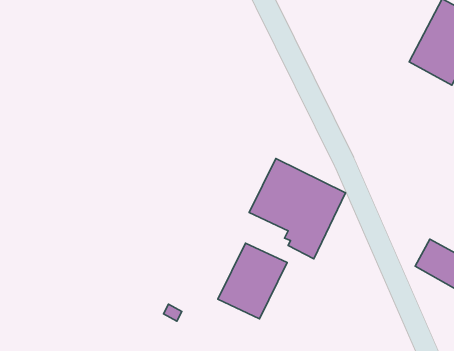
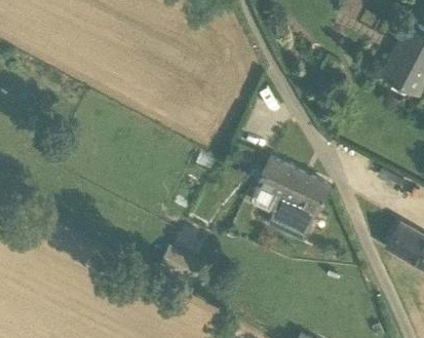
building: [218,243,287,319] -> none

